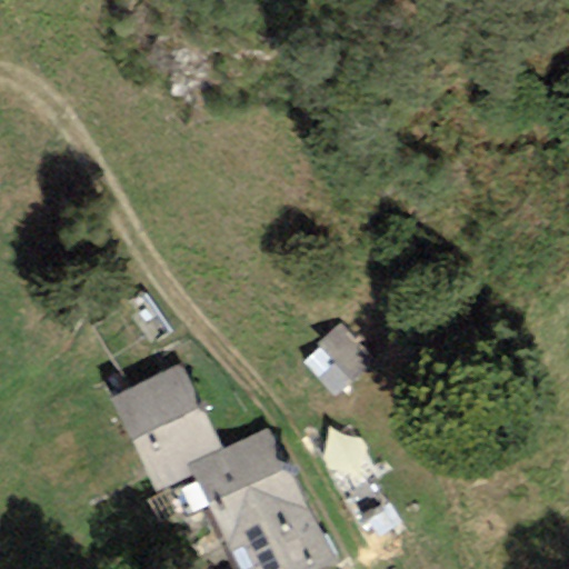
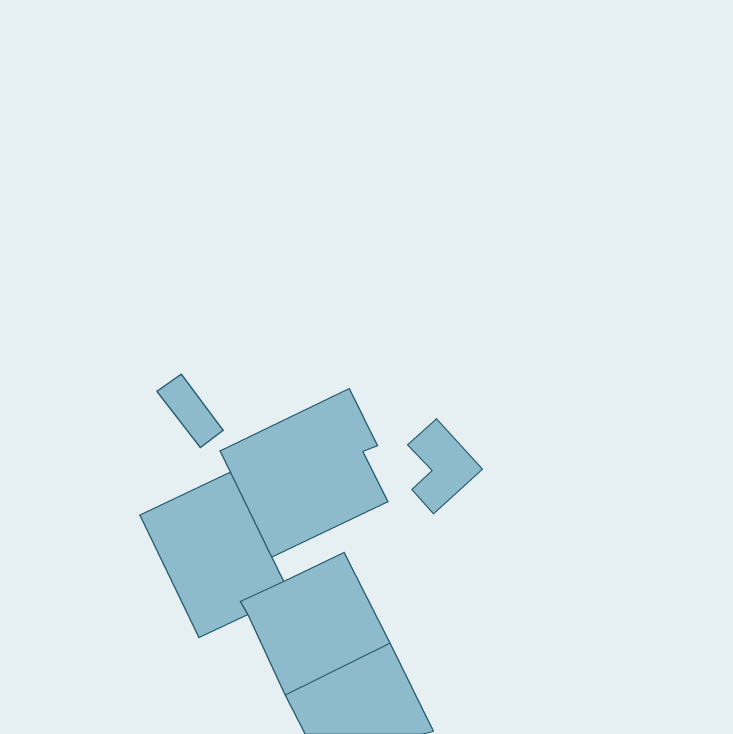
building: none -> [220,389,388,557]

